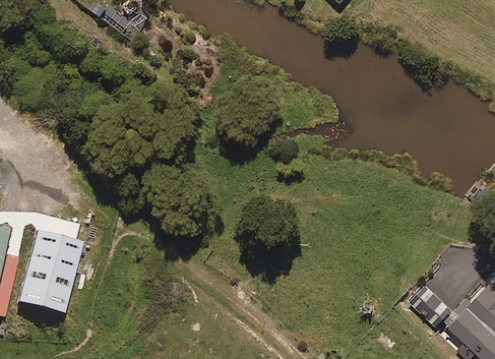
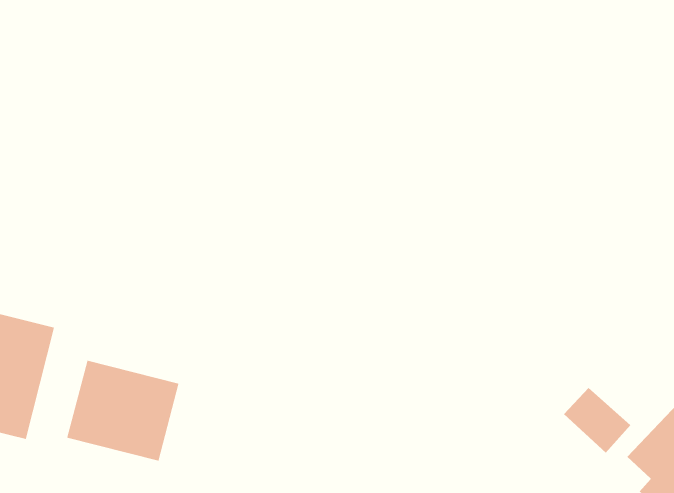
building: none -> [67,360,179,462]

